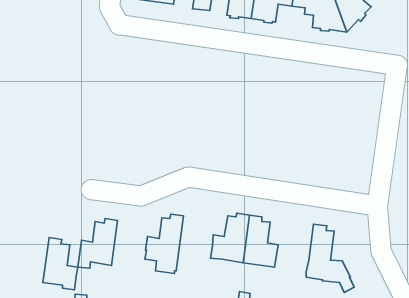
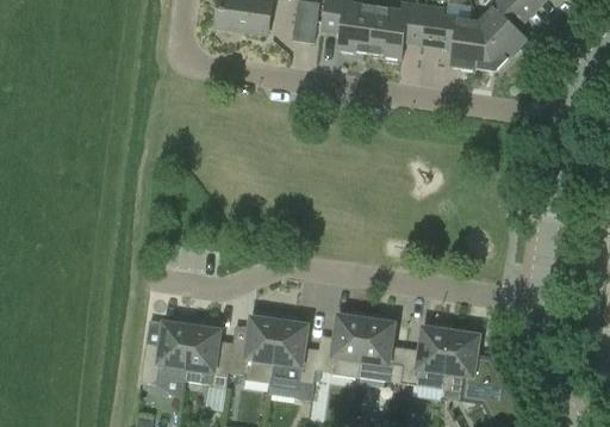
building: none -> [269,316,317,401]
building: none -> [399,324,450,390]
building: [43,238,78,290] -> [183,322,230,391]

